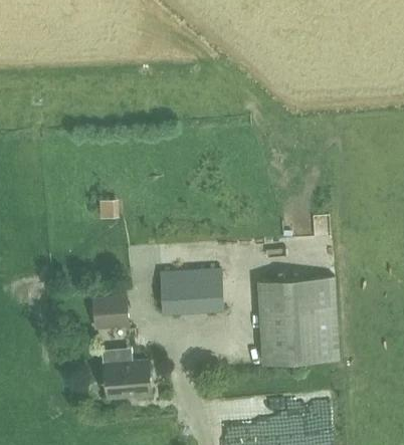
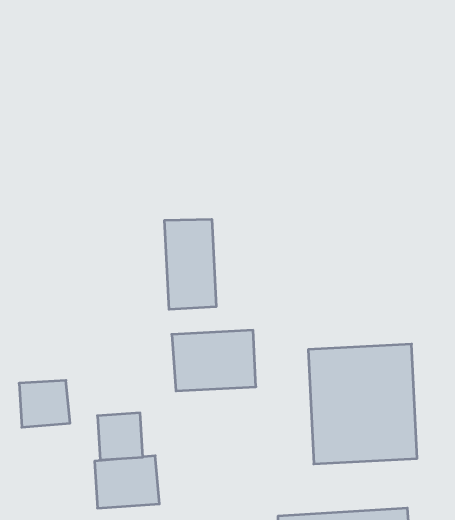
building: none -> [165,219,216,309]
building: [91,296,129,330] -> [19,380,70,427]

